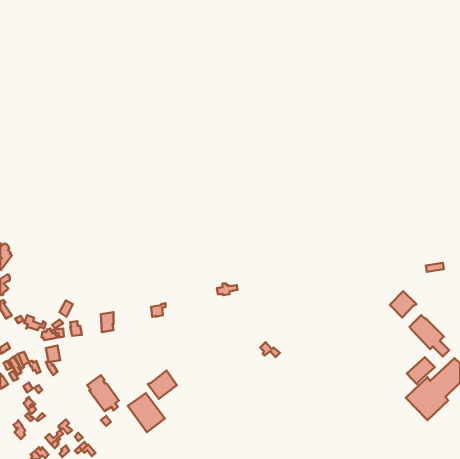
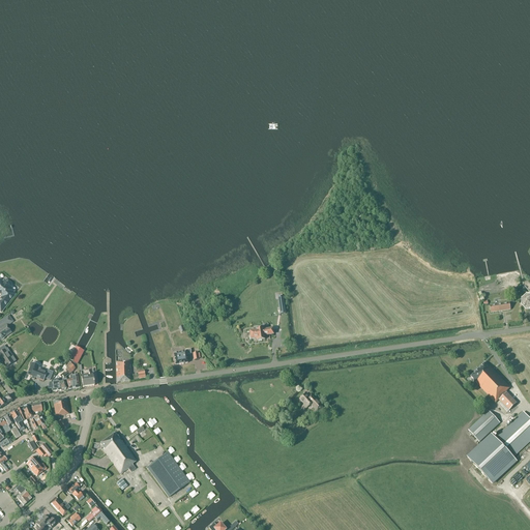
building: [390,291,416,318] -> none
building: [148,371,177,399] -> none

